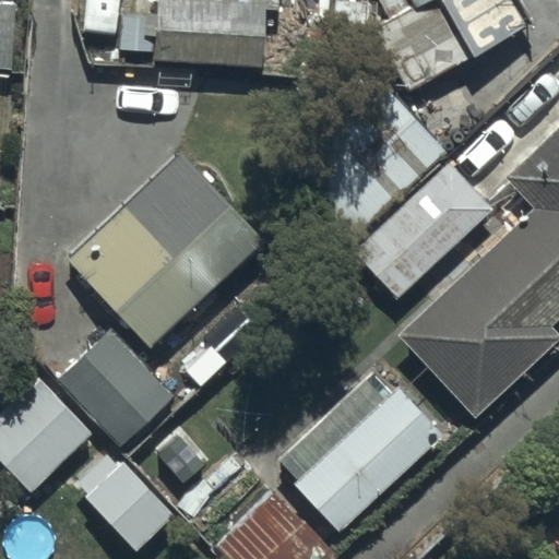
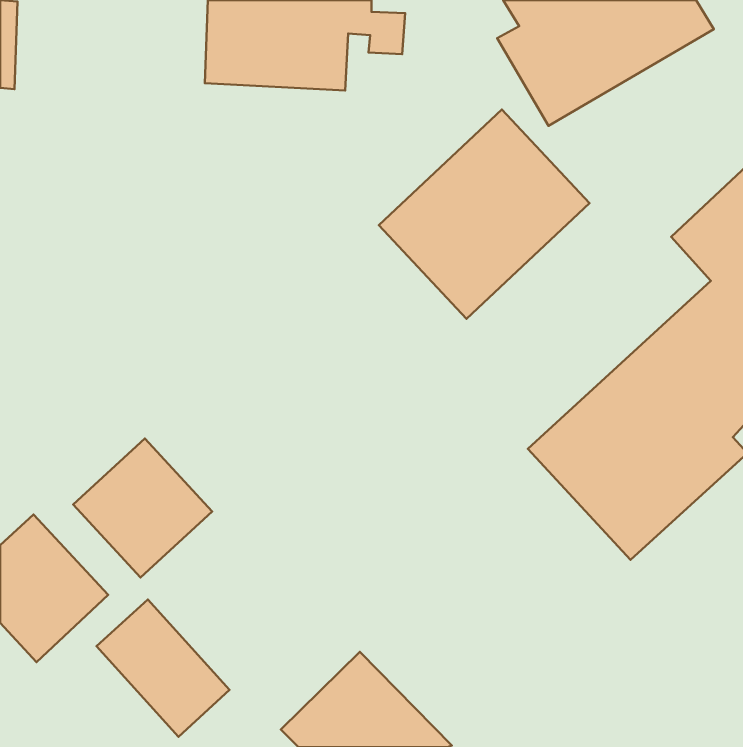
building: [66,152,264,349] -> none
building: [354,164,491,299] -> none
building: [274,366,443,531] -> none

